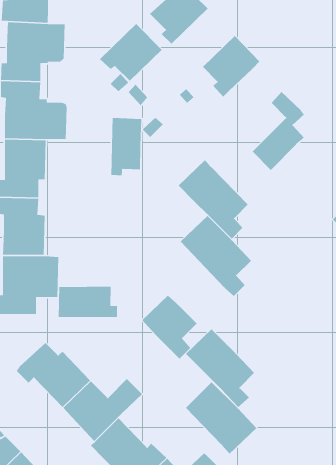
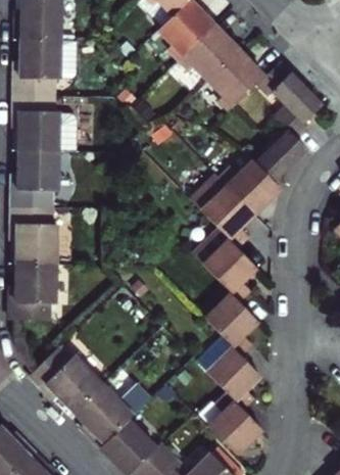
building: [99,23,163,82] -> [179,26,240,82]
building: none -> [257,62,323,124]
building: [110,117,142,176] -> none
building: none -> [217,161,281,215]
building: [58,286,118,318] -> none
building: [141,295,198,359] -> [204,295,258,358]

